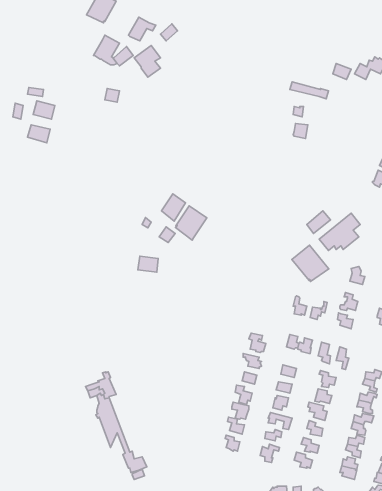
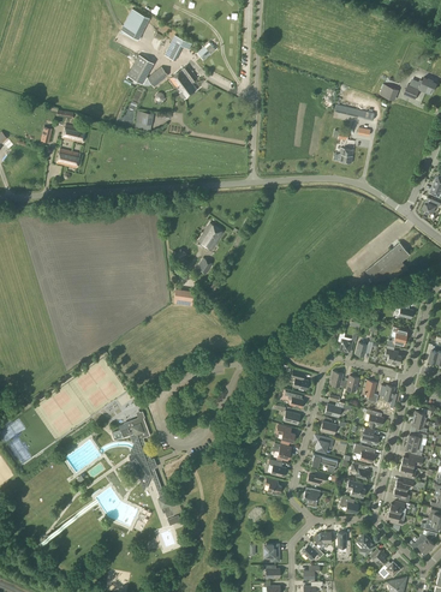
building: [175,206,207,240] -> none
building: [292,245,329,282] -> none

